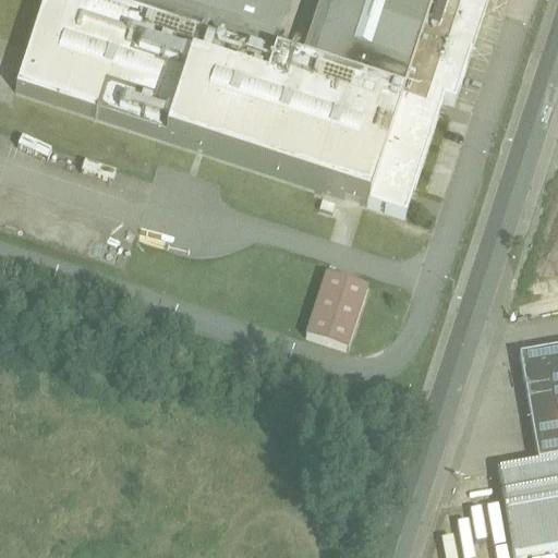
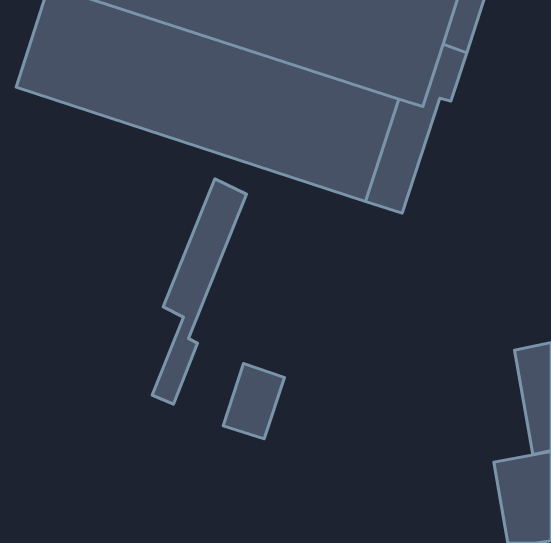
building: none -> [152,179,247,404]
building: [306,271,368,348] -> [223,363,285,439]

